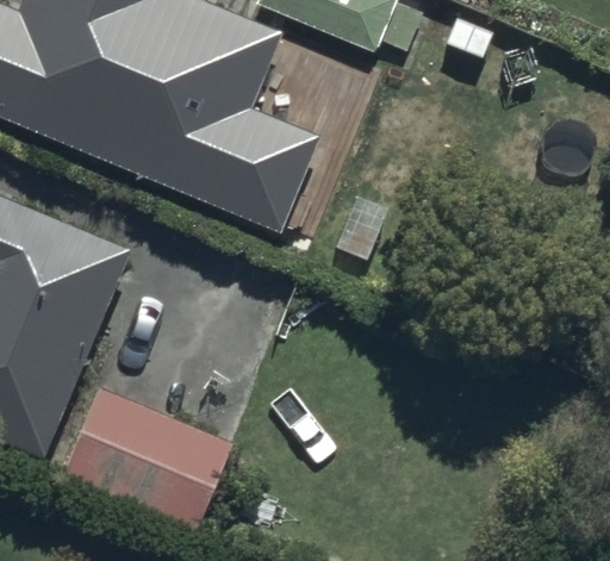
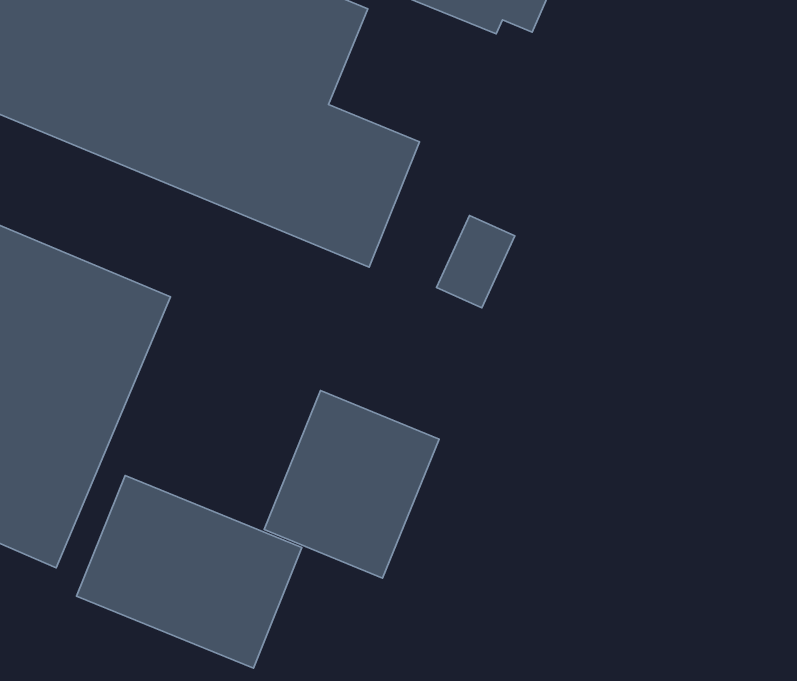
building: none -> [264,390,439,578]

